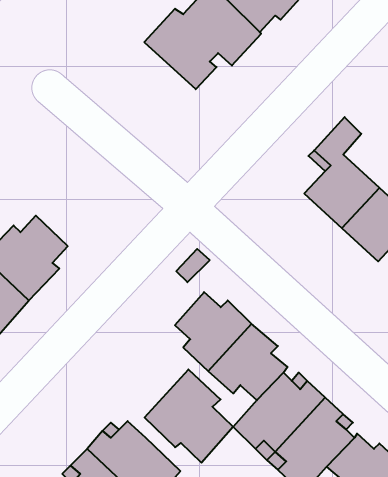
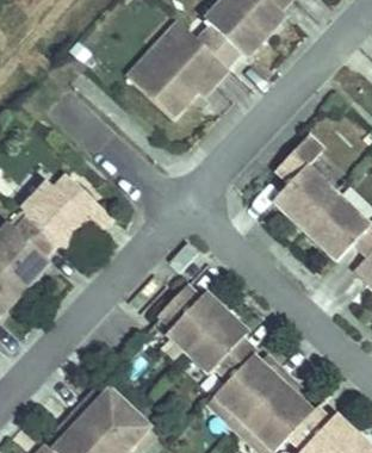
building: none -> [32,180,105,250]
building: [145,369,233,463] -> none

